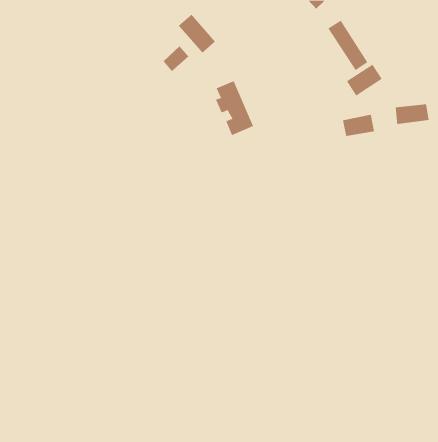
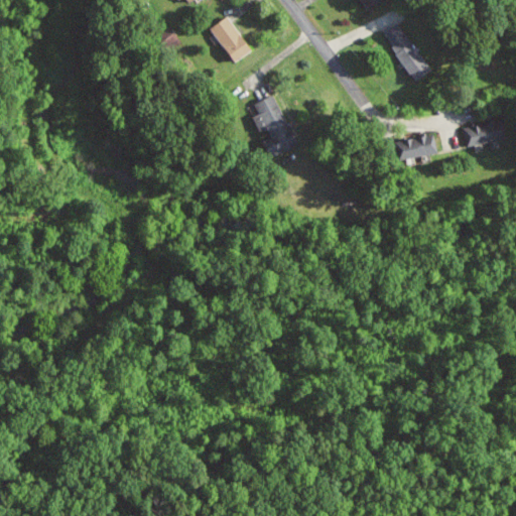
building: [163,46,189,72] -> none
building: [346,64,383,96] -> none

